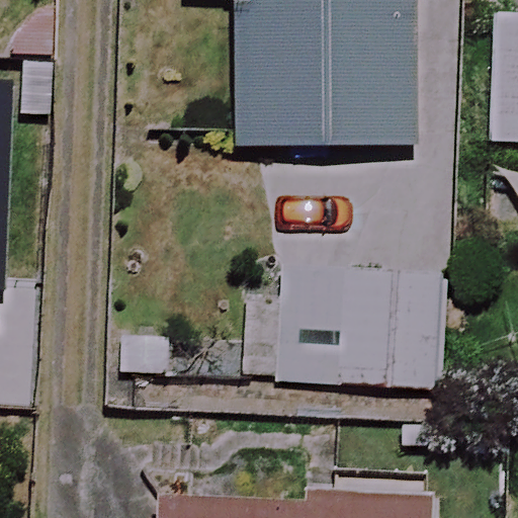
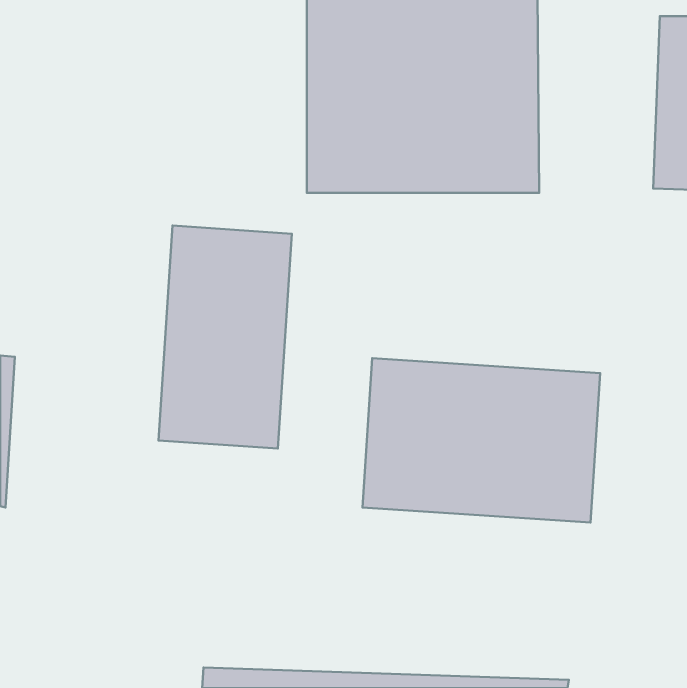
building: none -> [158,226,292,448]

